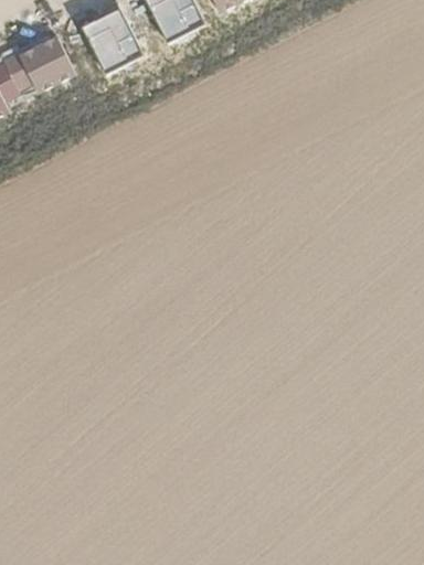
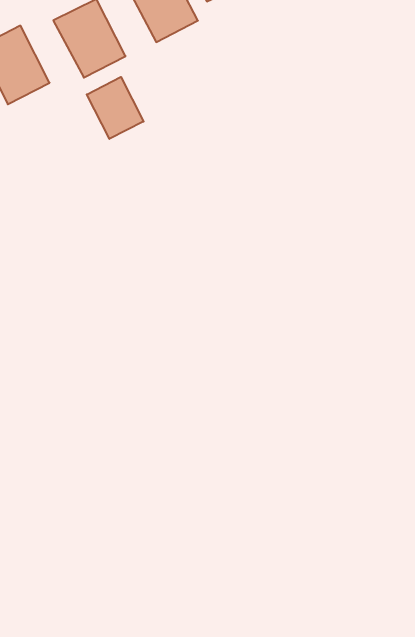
building: none -> [87,77,144,139]

